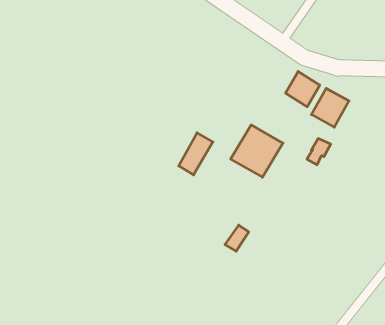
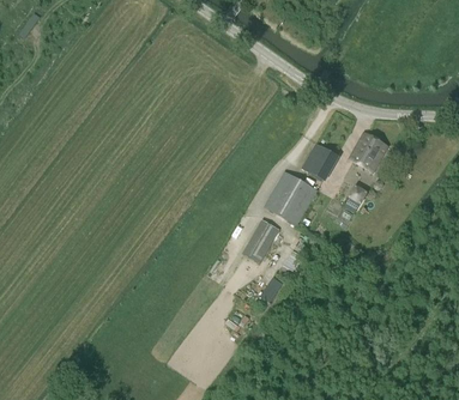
building: [286,71,320,107] -> [302,145,338,182]
building: [179,133,213,175] -> [243,218,279,262]

